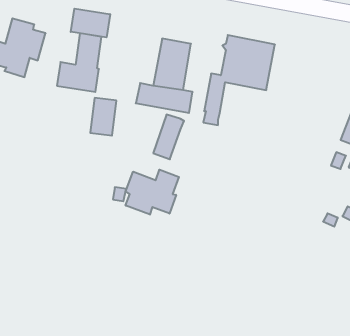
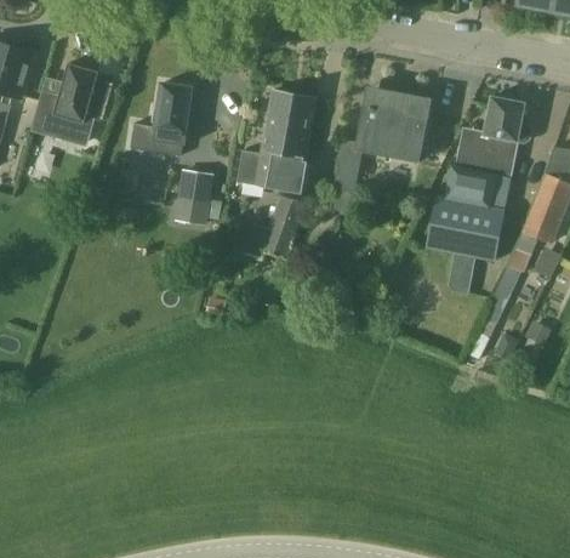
building: [71,9,110,37] -> none
building: none -> [426,96,525,295]
building: [125,170,179,215] -> none

